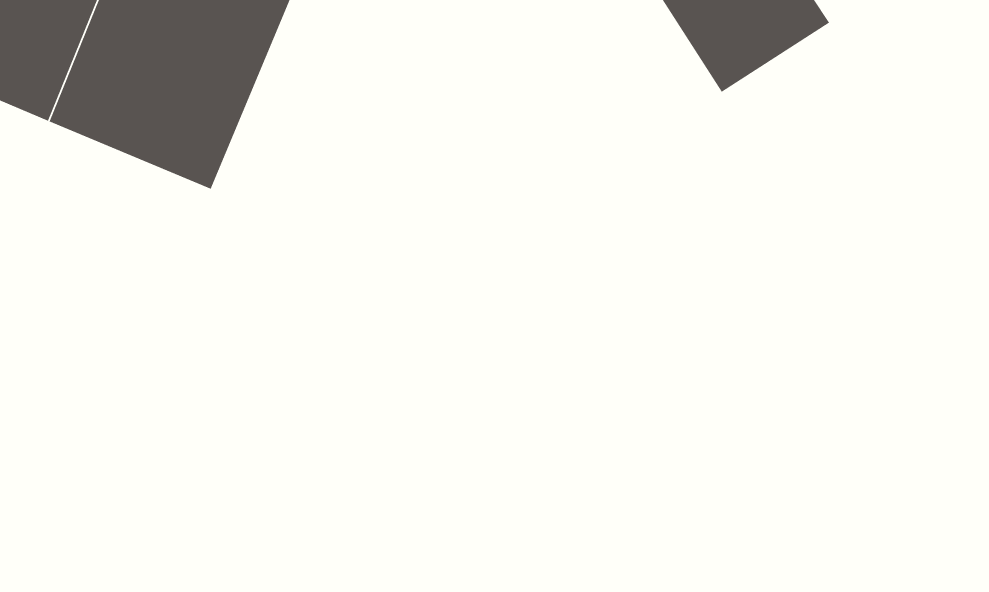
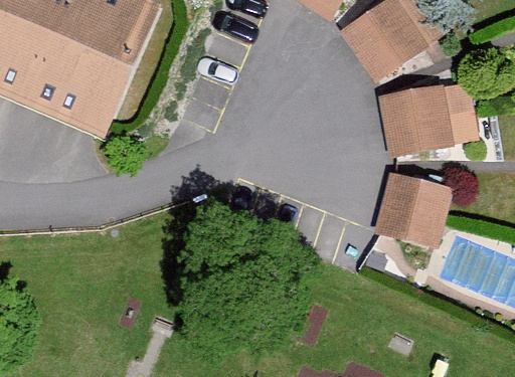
building: none -> [379,83,456,156]
building: none -> [375,171,453,246]

